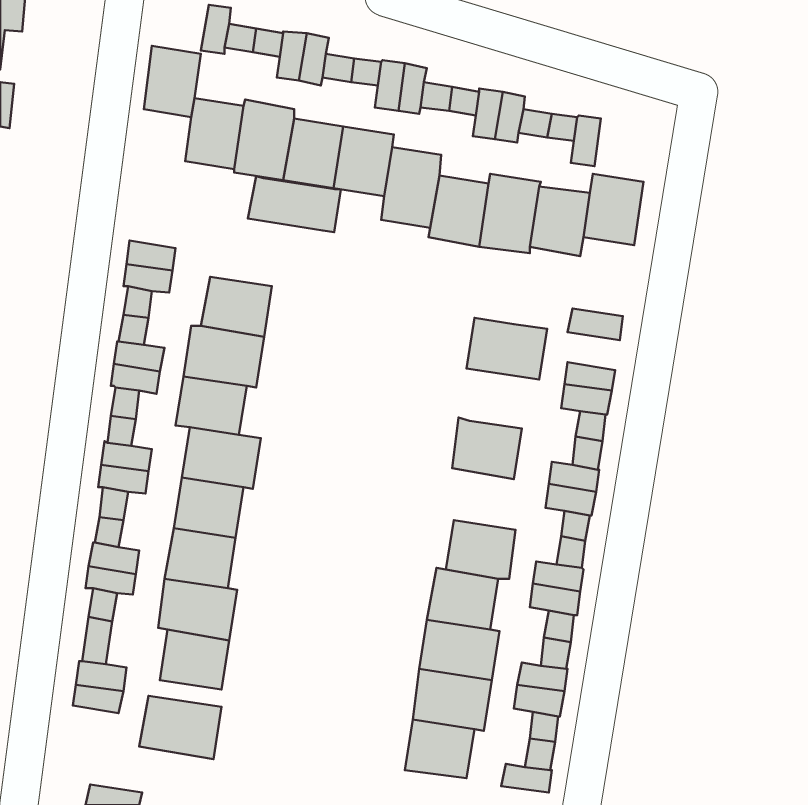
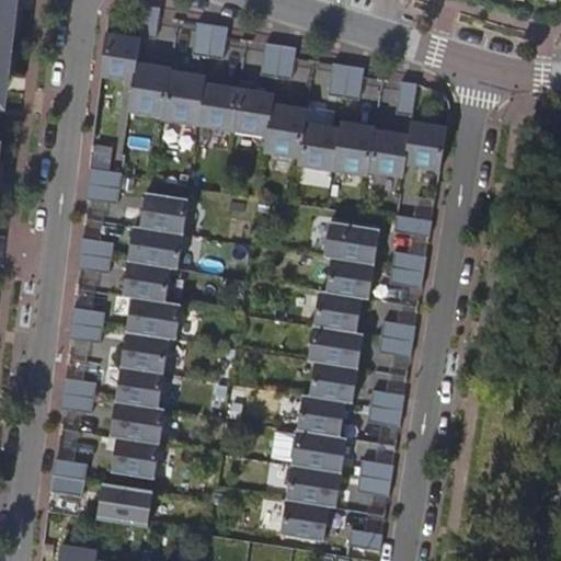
building: [248,176,341,232] -> none
building: none -> [325,256,374,298]
building: none -> [308,324,363,367]

